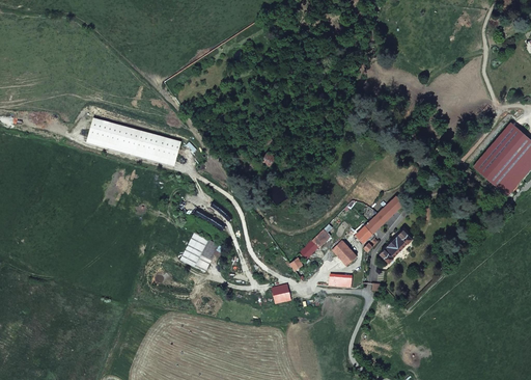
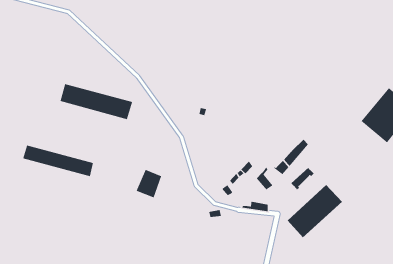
building: none -> [22,144,94,177]
building: none -> [287,184,343,238]

